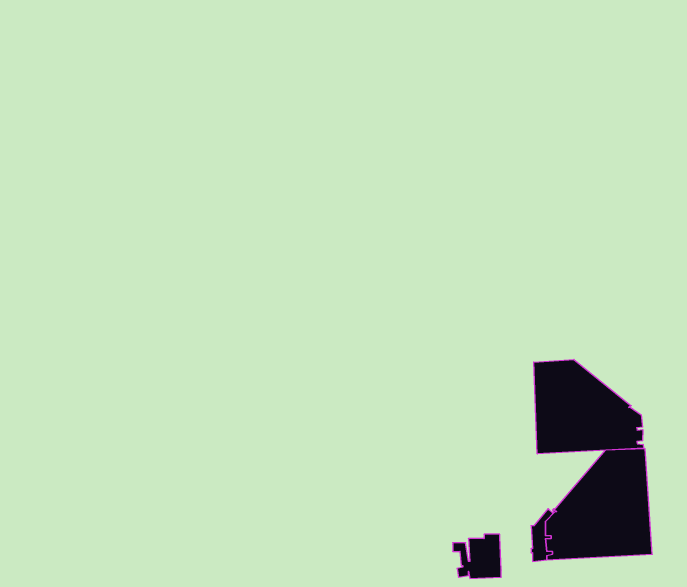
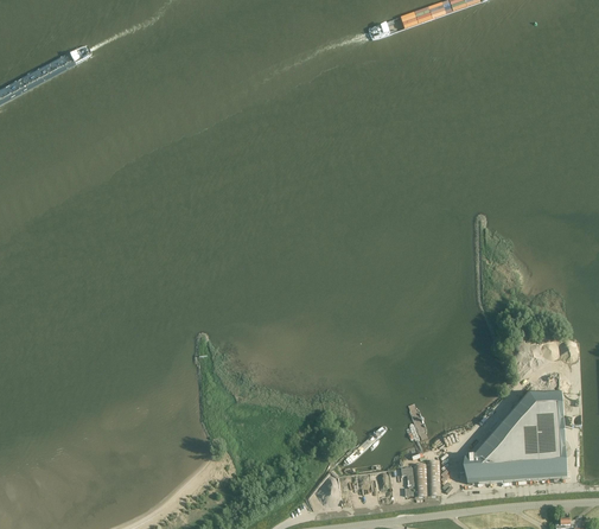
building: [534,359,644,454] -> none

